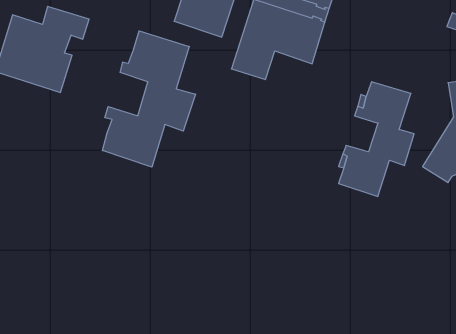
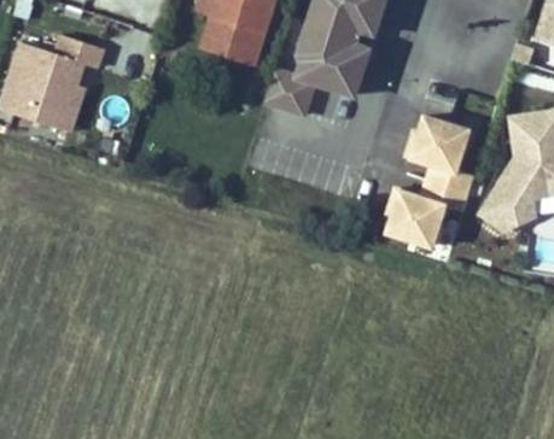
building: [102,31,196,167] -> none

